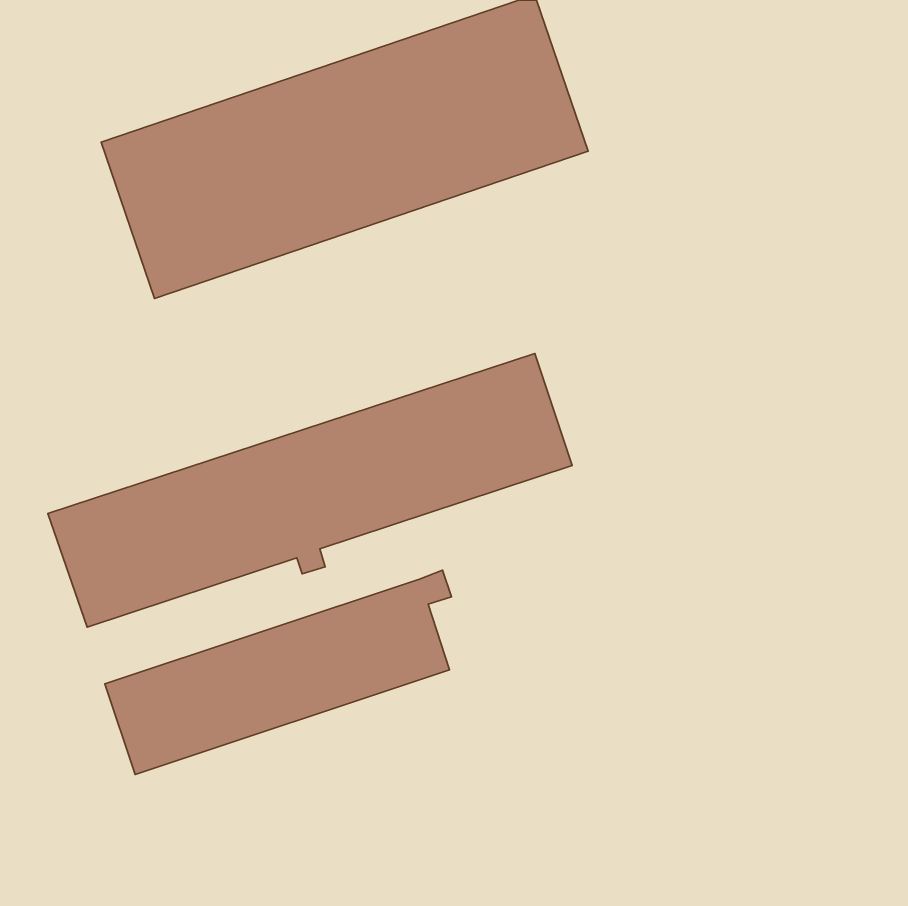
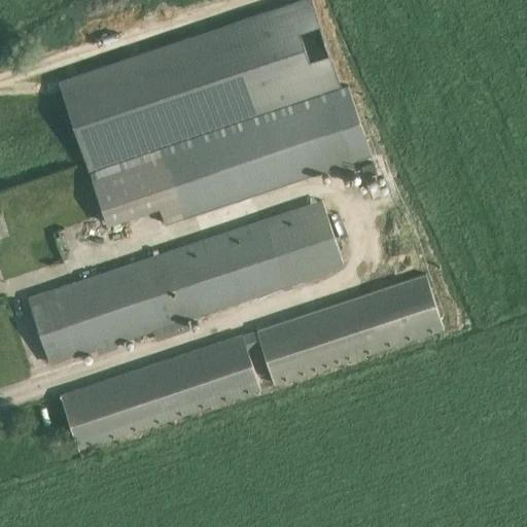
building: none -> [90,86,371,224]
building: none -> [256,275,443,384]

